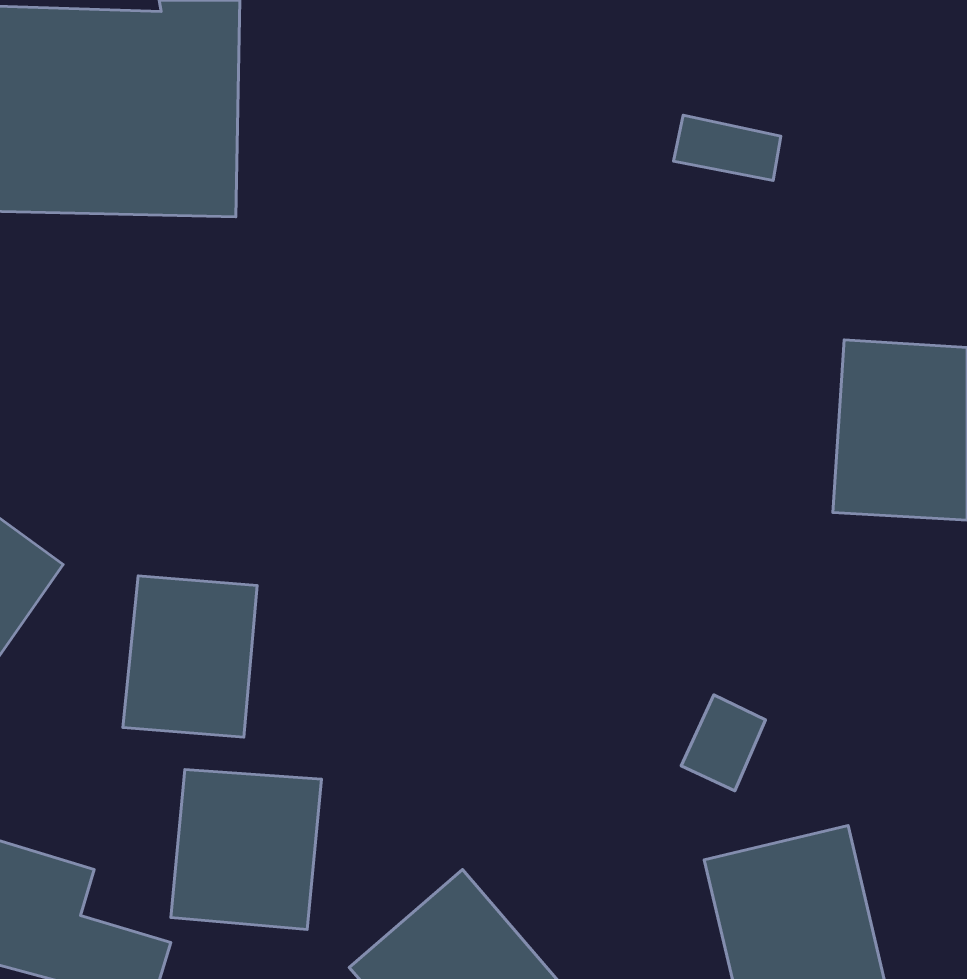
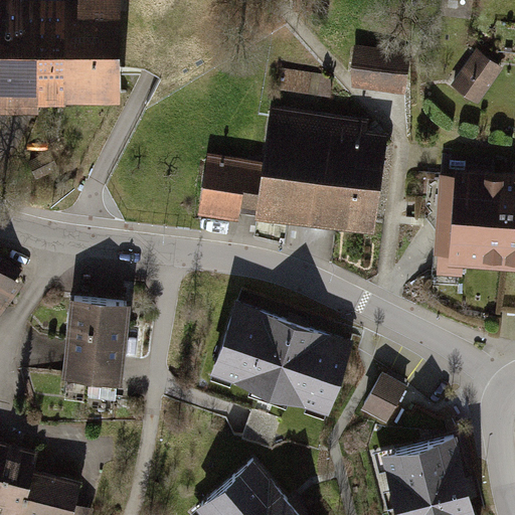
building: none -> [454,62,491,104]
building: none -> [201,118,383,234]
building: none -> [200,300,342,412]
building: [171,769,322,930] -> none

